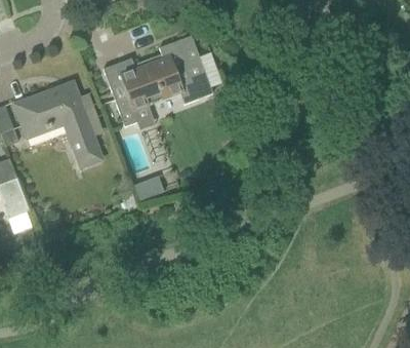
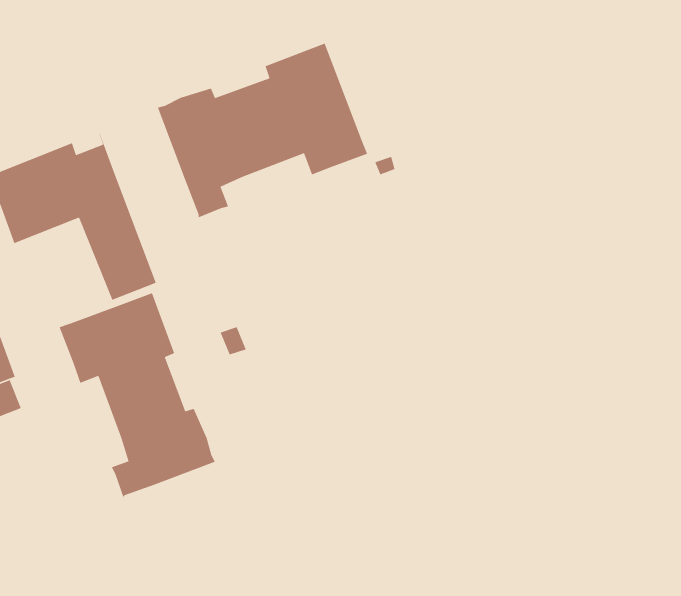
building: none -> [58,292,216,498]

